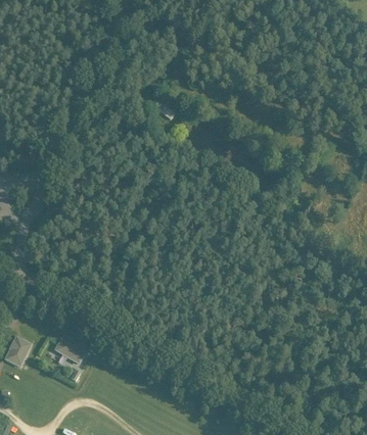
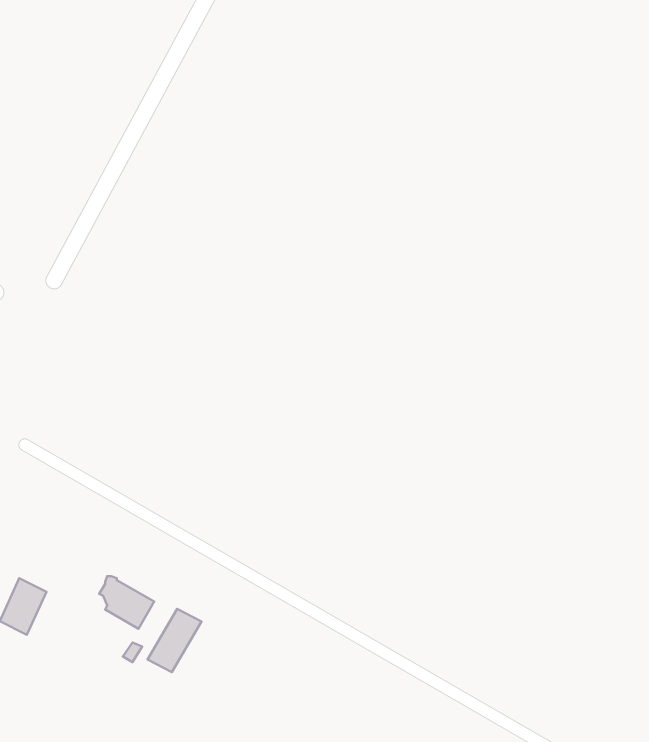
building: none -> [147,609,202,672]

